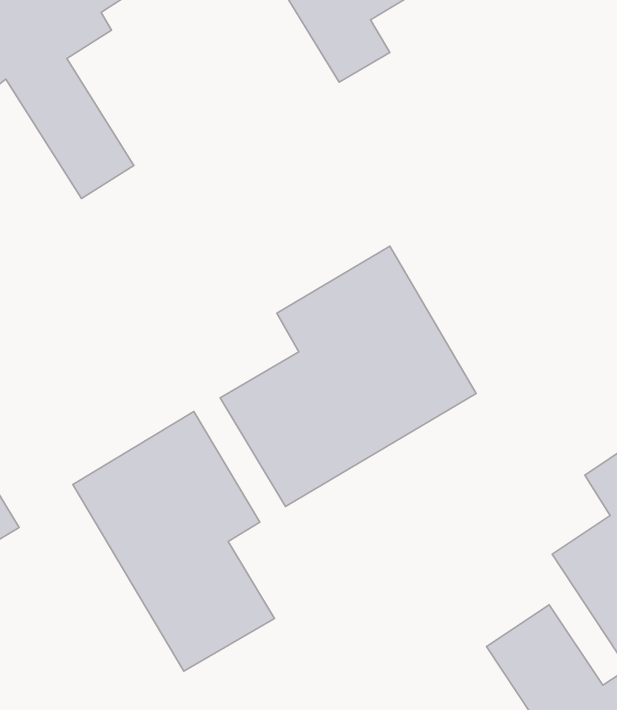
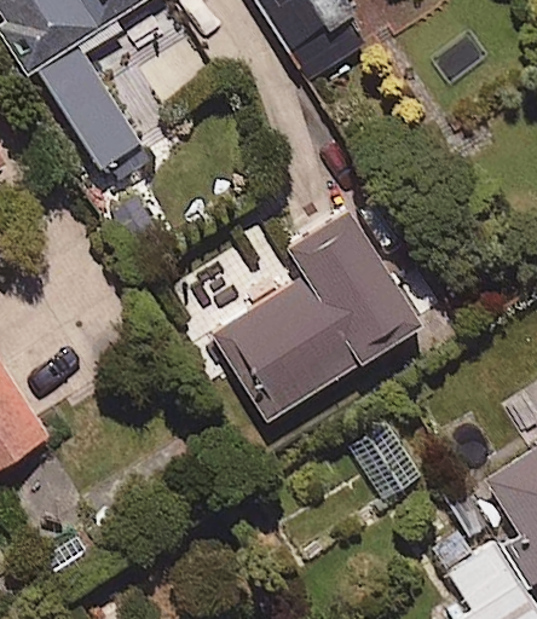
building: [73,412,274,671] -> none

